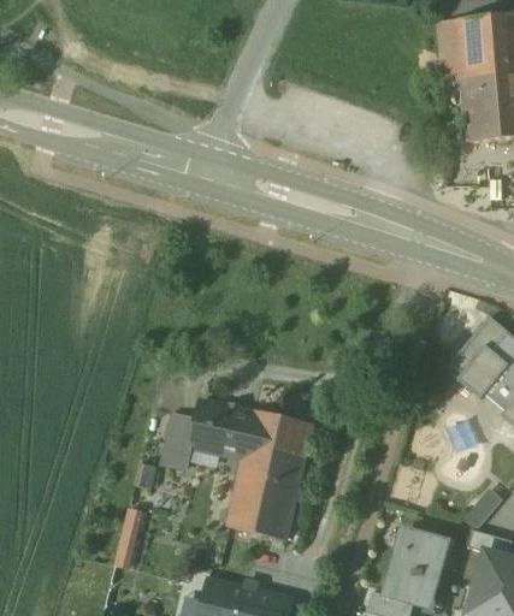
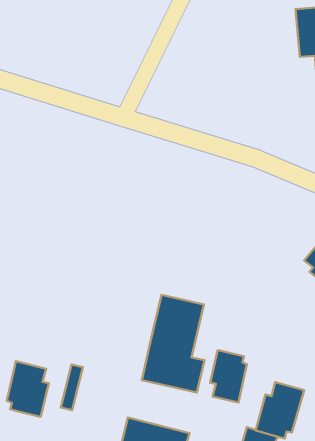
building: [161,401,254,478] -> none
building: none -> [210,350,247,403]
building: none -> [7,361,49,417]

